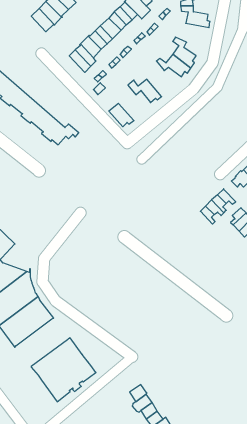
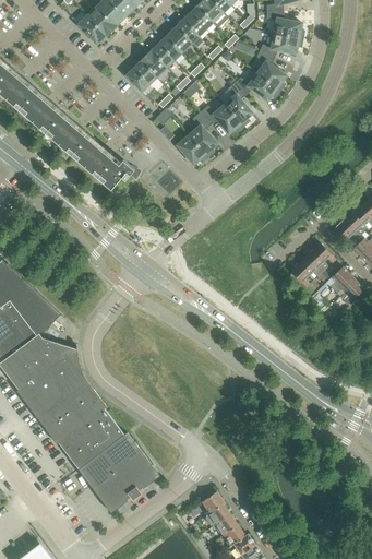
building: none -> [260,34,302,58]
building: none -> [224,82,252,127]
building: none -> [188,112,216,157]
building: none -> [58,408,123,468]

